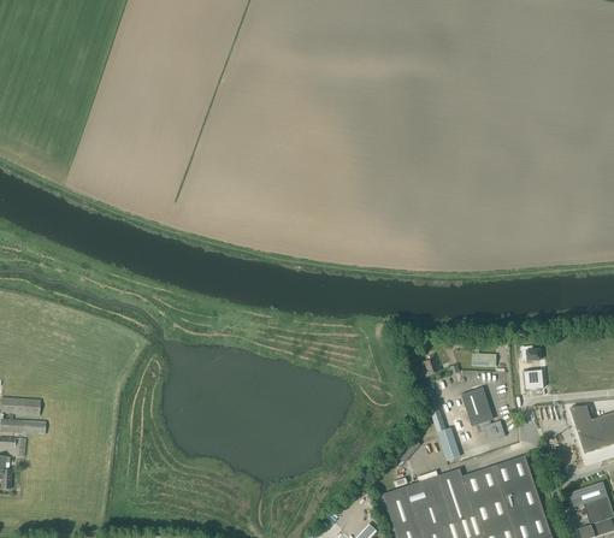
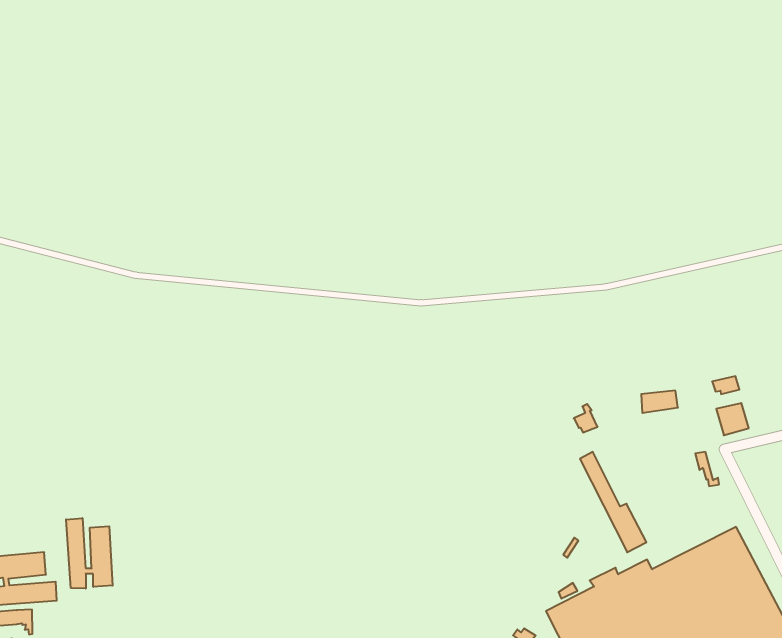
building: none -> [66,518,113,589]
building: [460,386,506,439] -> none

